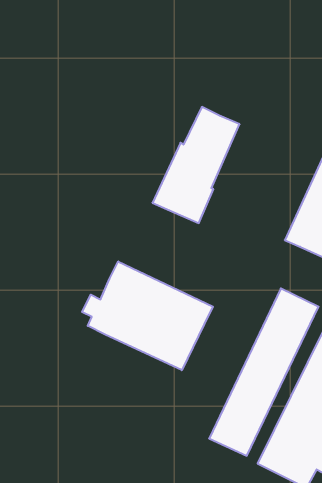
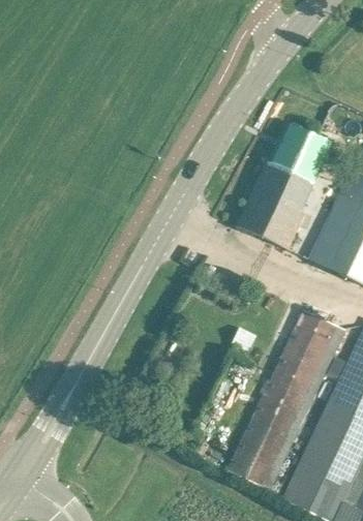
building: [152,107,240,223] -> [238,124,331,248]
building: [82,261,213,370] -> none

